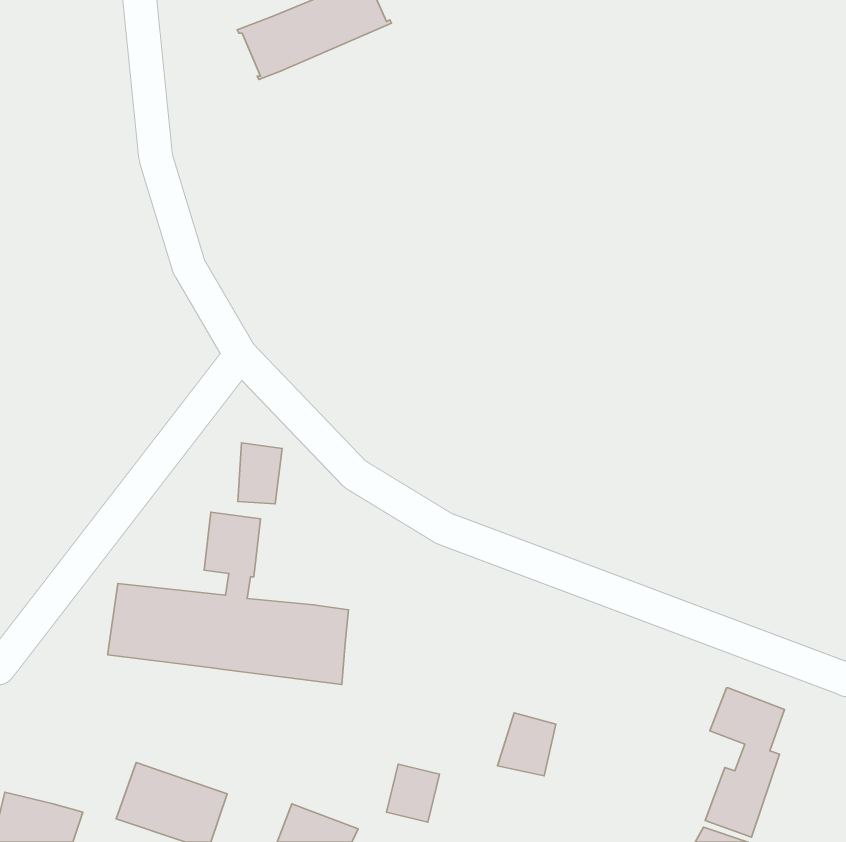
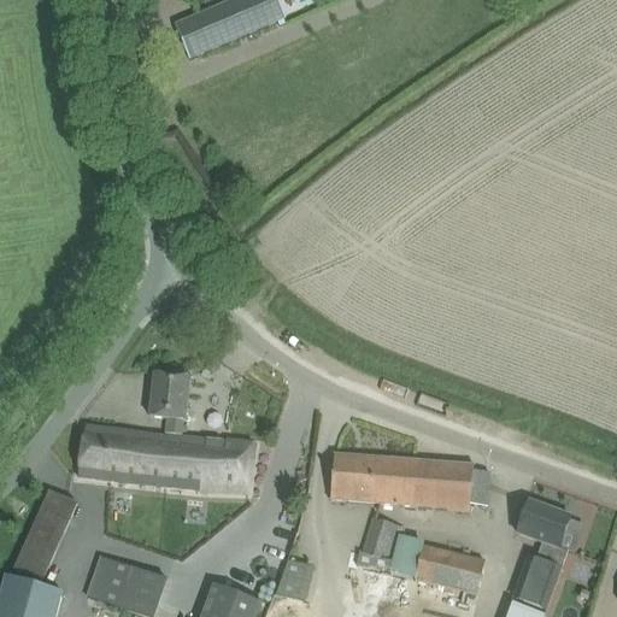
building: [238,443,282,504] -> none
building: none -> [330,452,474,511]
building: none -> [13,489,76,581]
building: none -> [413,546,484,593]

